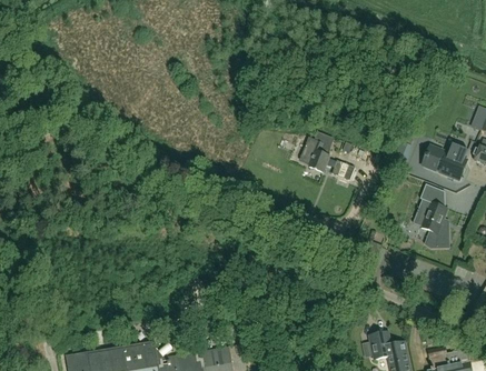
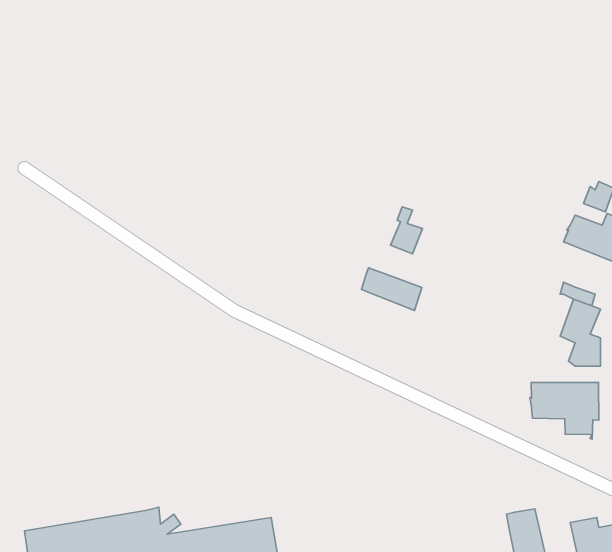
building: none -> [361,268,422,310]
building: none -> [530,383,599,439]
building: [366,331,389,360] -> none

